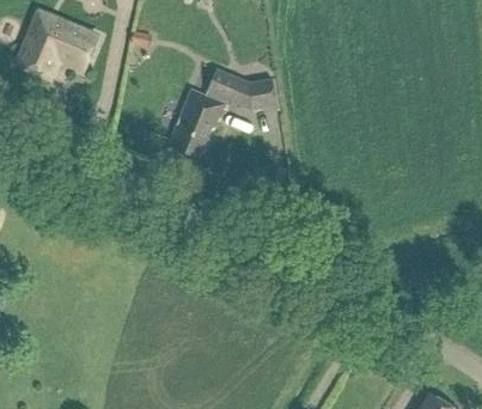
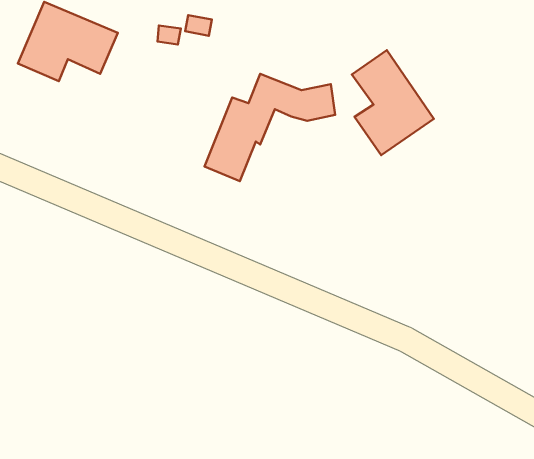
building: none -> [352,50,434,155]

